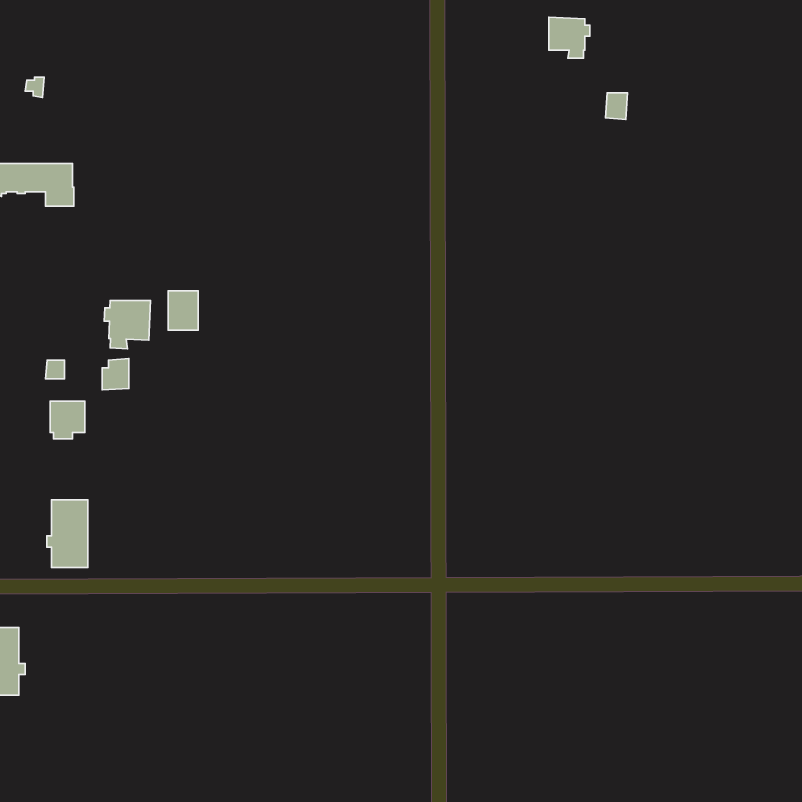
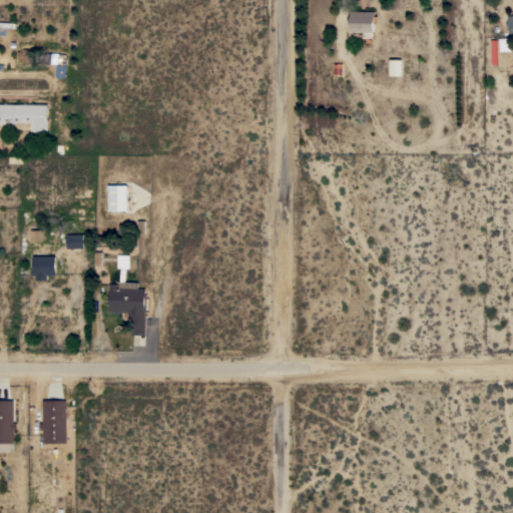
building: [104,300,150,349] -> none
building: none -> [108,283,146,320]
building: [47,500,88,567] -> [39,401,65,444]

